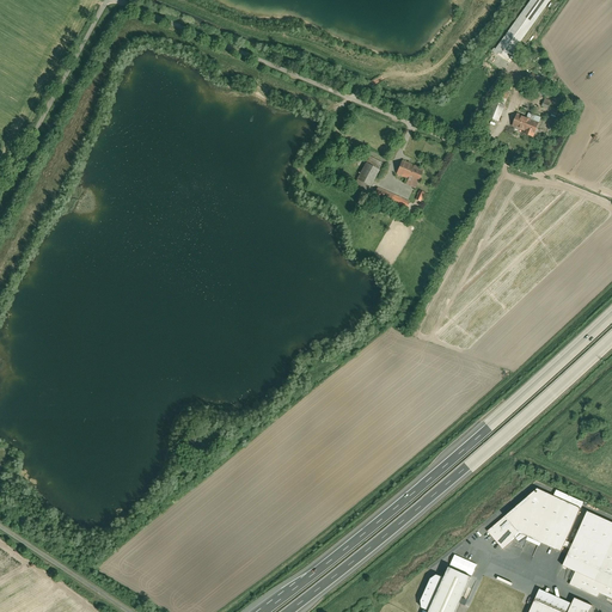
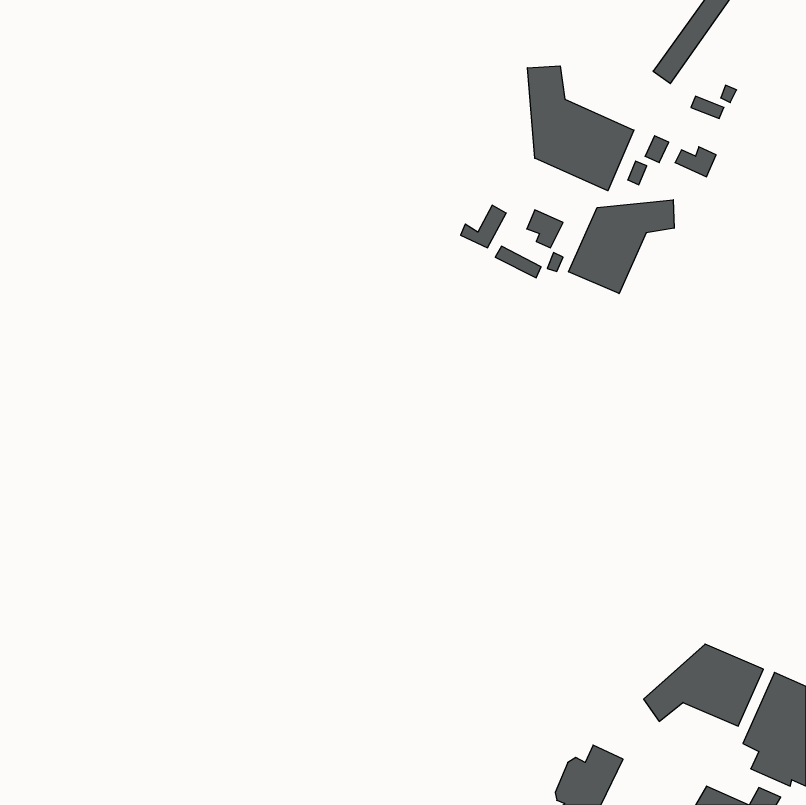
building: none -> [527,66,634,191]
building: none -> [569,200,674,294]

